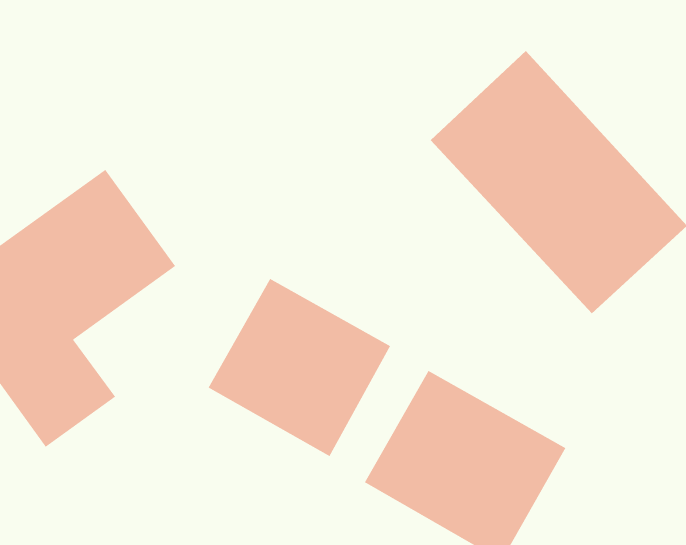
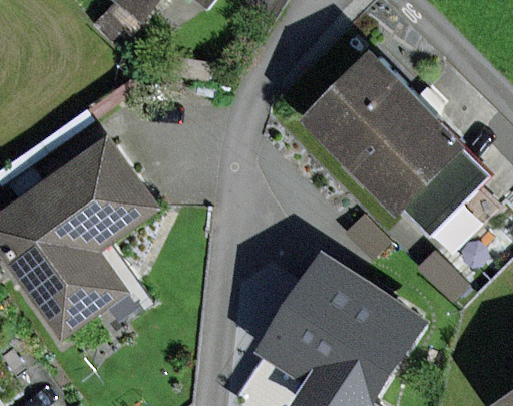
building: [207,278,391,457] -> none

